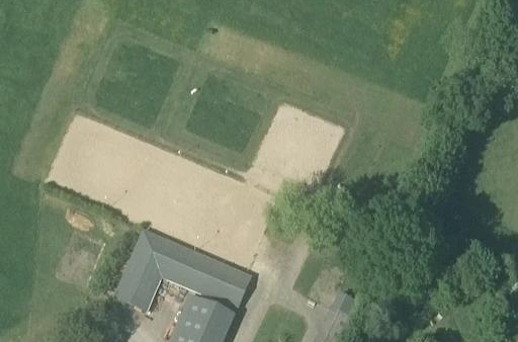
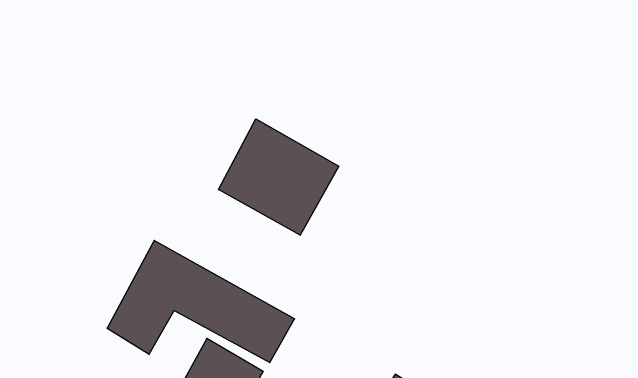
building: none -> [218,119,339,235]

